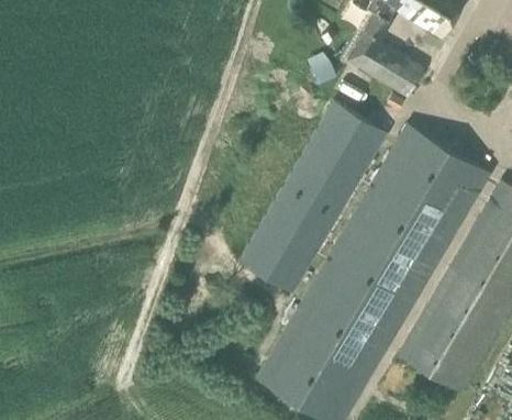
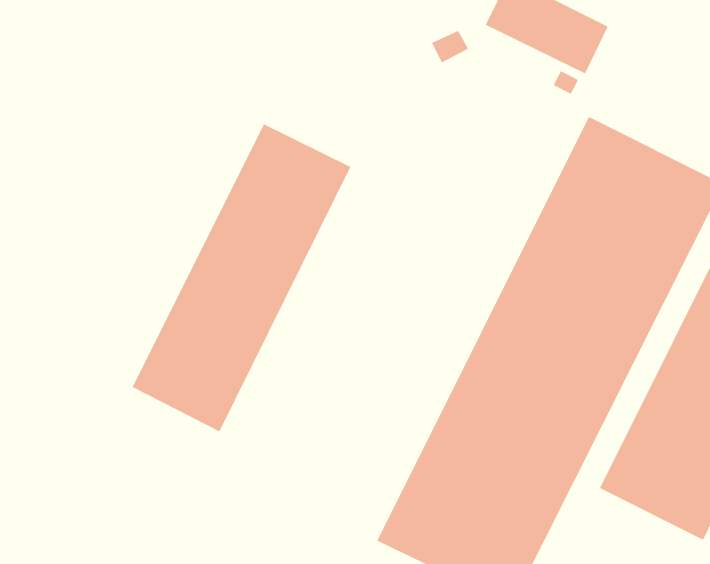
building: [240,102,386,292] -> [132,124,351,432]

